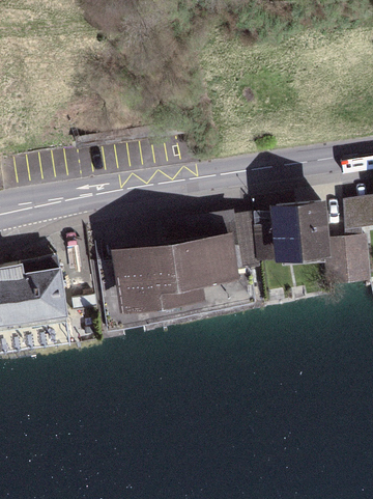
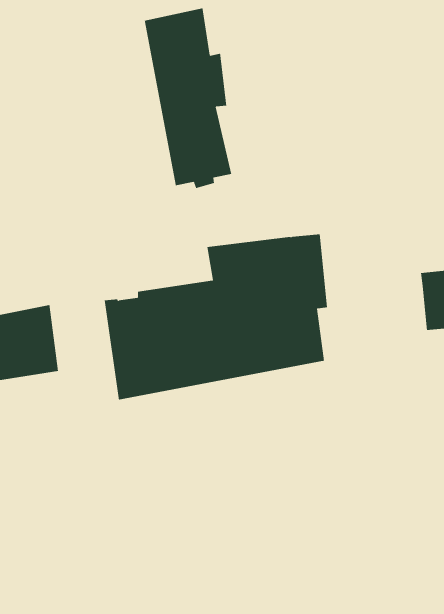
building: none -> [144,7,232,189]
building: [276,203,325,254] -> none

